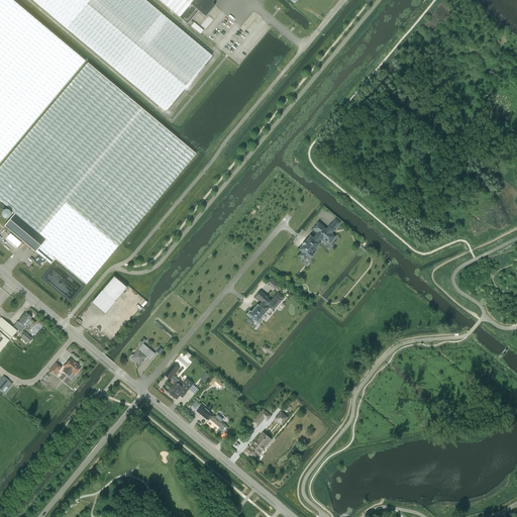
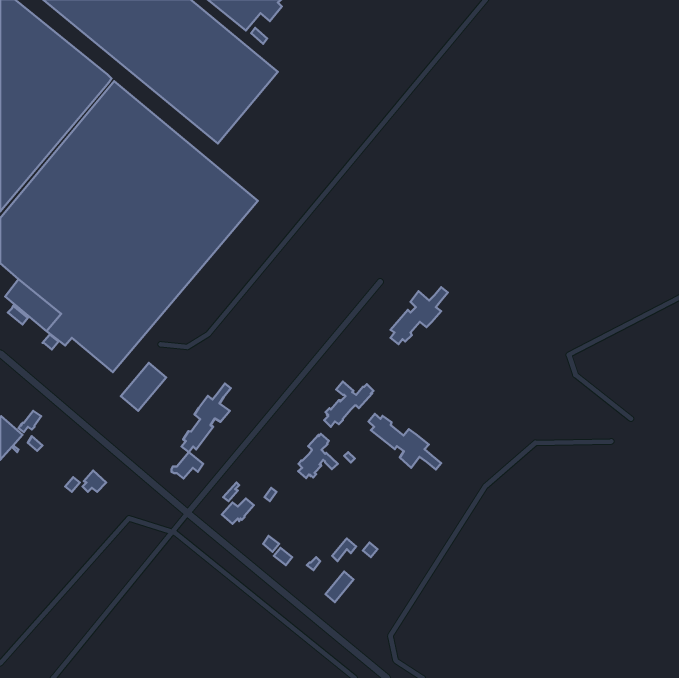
building: none -> [181,384,231,452]
building: none -> [369,414,441,470]
building: none -> [298,434,338,478]

